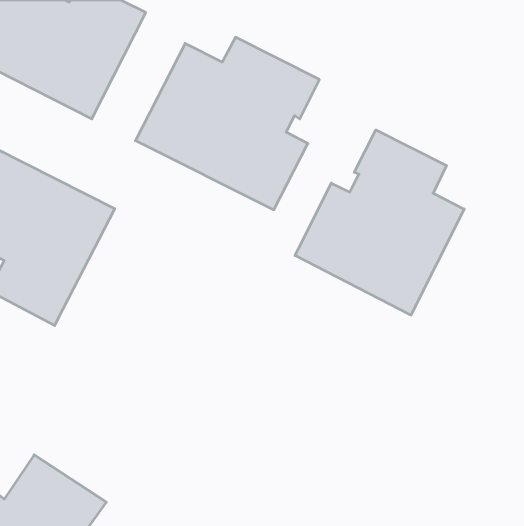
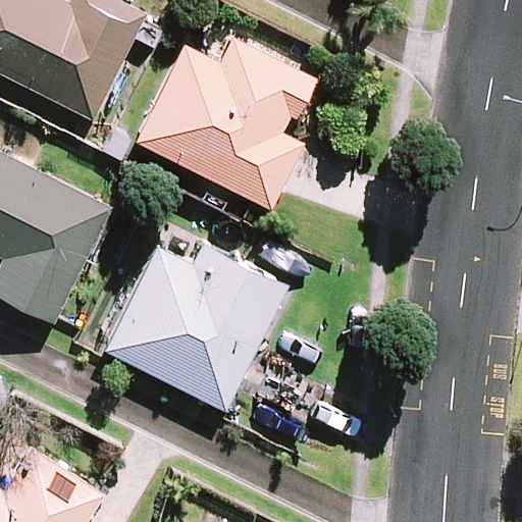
building: [295,130,464,315] -> none
building: none -> [104,244,289,411]

